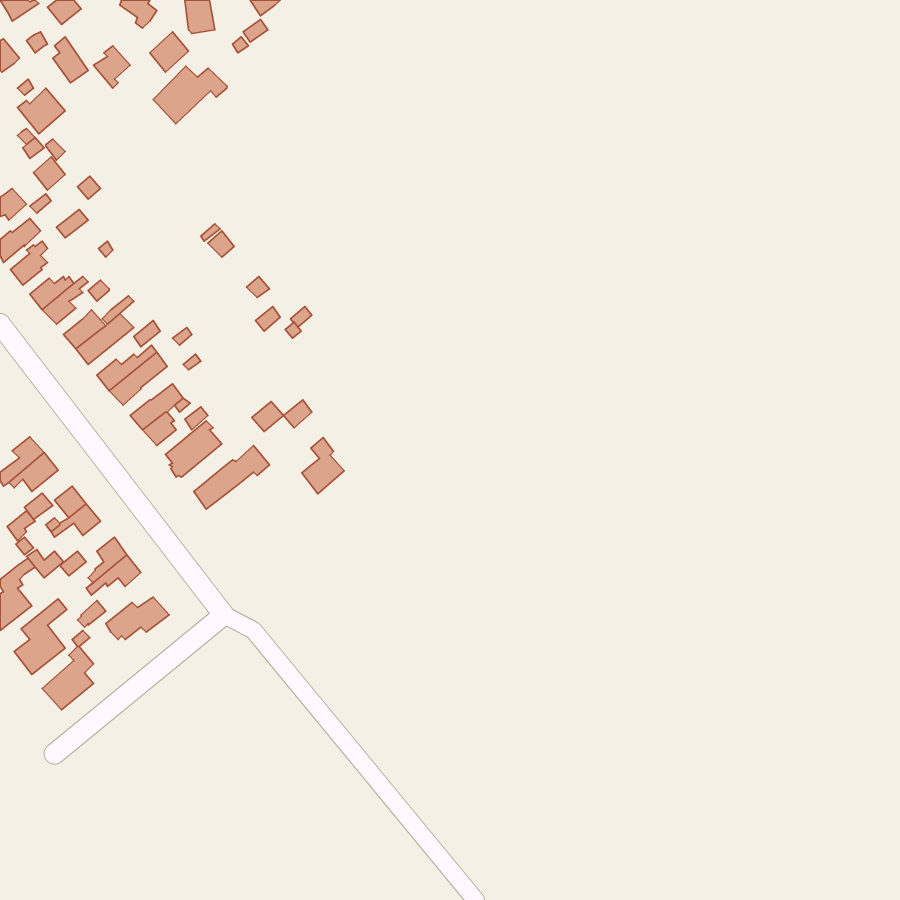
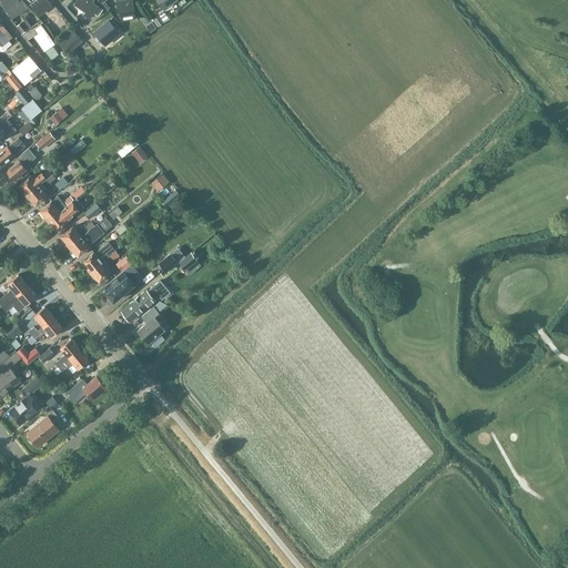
building: [153,66,227,124] -> none
building: [302,437,344,494] -> [139,307,165,343]

